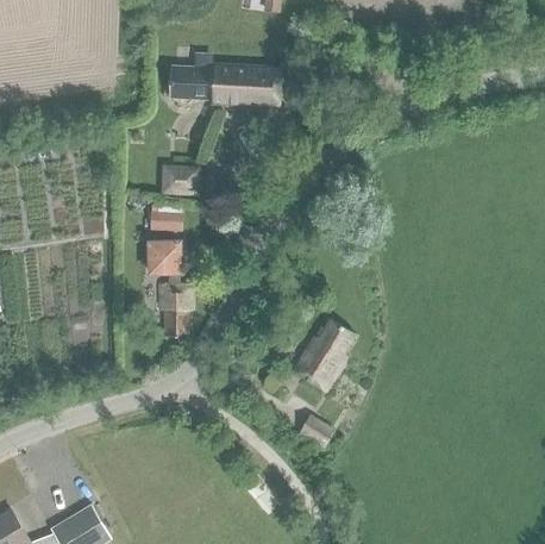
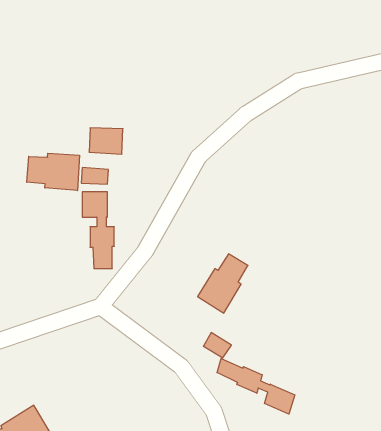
building: [168,64,280,107] -> none
building: none -> [27,153,79,191]
building: none -> [217,358,295,414]

